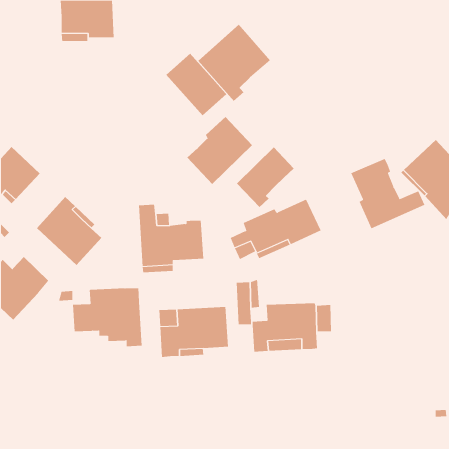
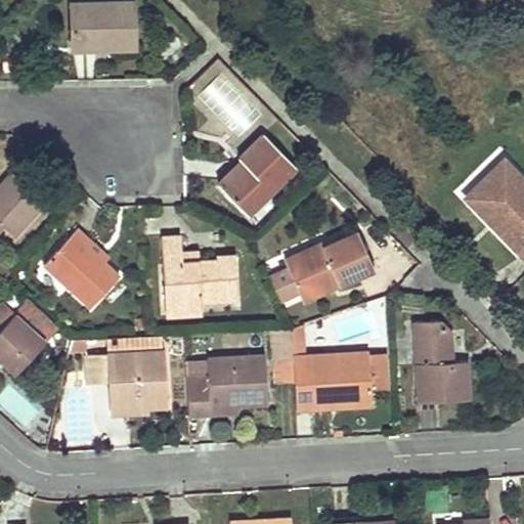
building: [198,24,271,102] -> none
building: [236,147,294,208] -> none
building: [351,158,425,229] -> none
building: none -> [414,320,470,403]
building: none -> [108,386,167,419]

